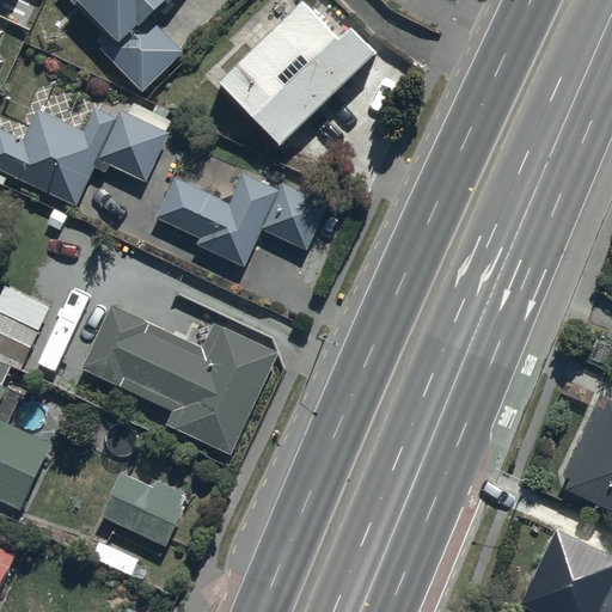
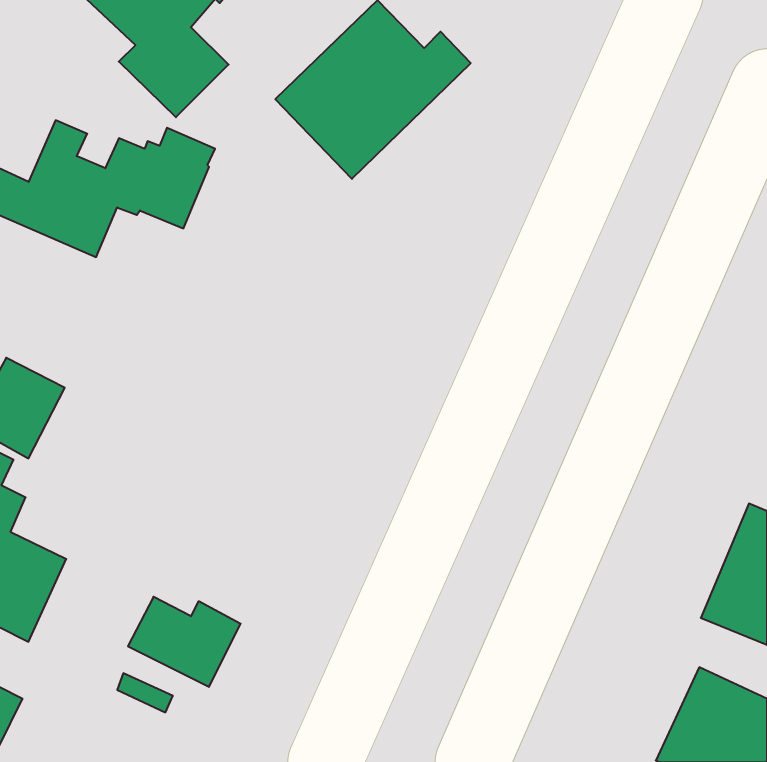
building: [157,175,328,268] -> none
building: [79,305,276,453] -> none

